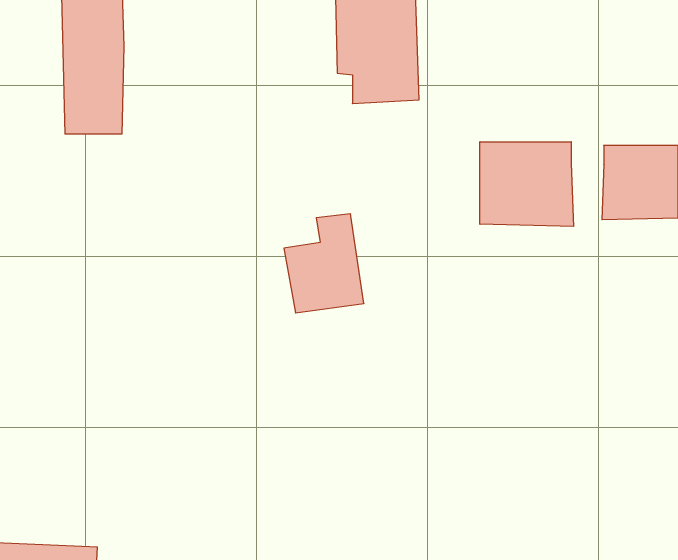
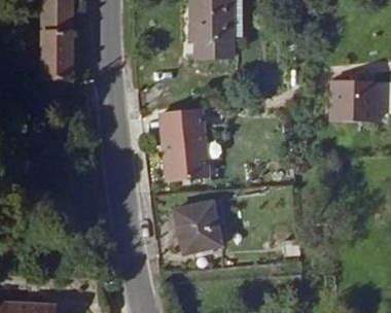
building: [480,142,574,226] -> none
building: none -> [178,211,223,266]

